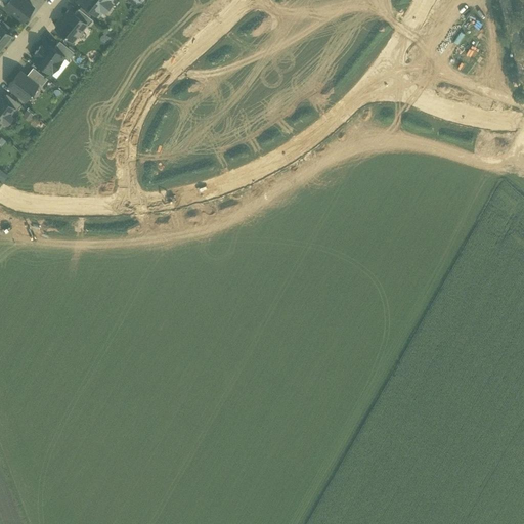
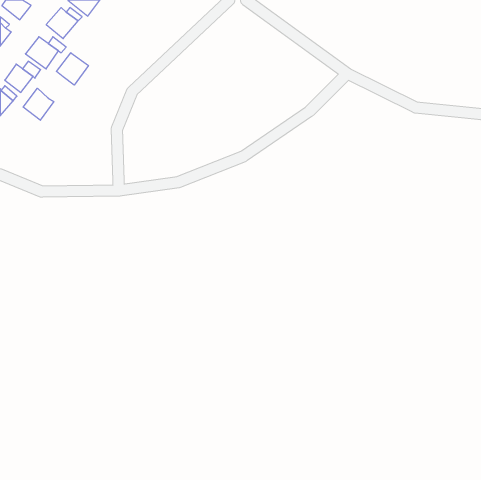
building: none -> [56,53,88,85]
building: none -> [23,88,54,120]

